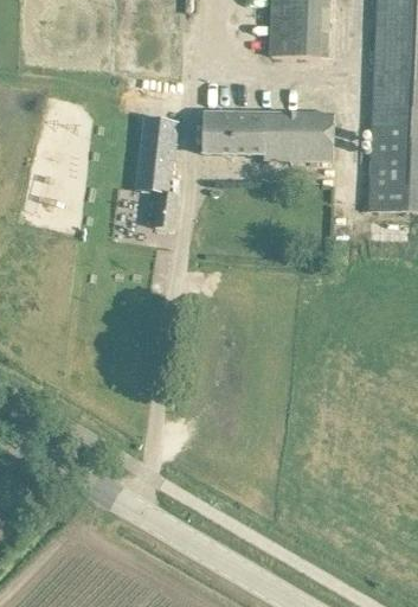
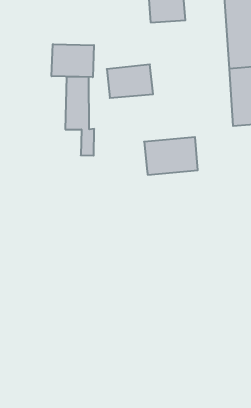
building: none -> [52,44,94,77]
building: [264,111,335,159] -> [144,137,198,175]

